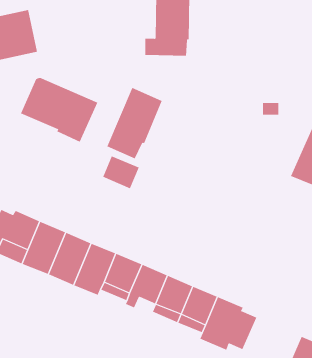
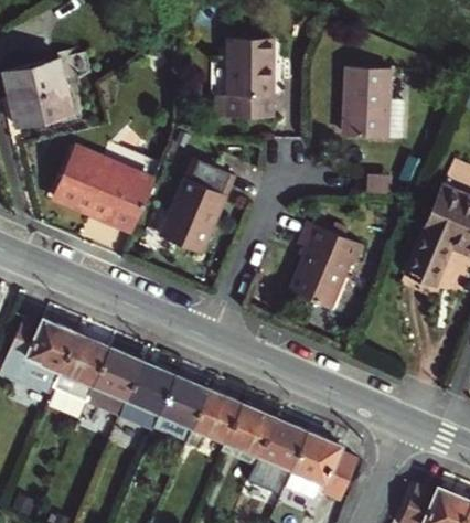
building: none -> [343,67,407,137]
building: none -> [288,226,363,313]
building: [102,156,140,189] -> none

